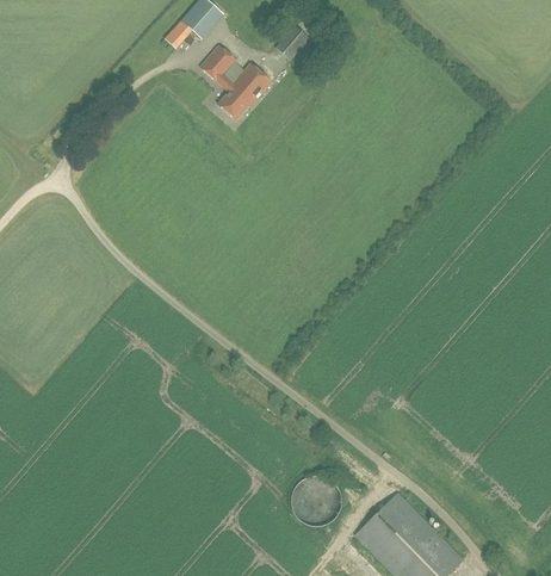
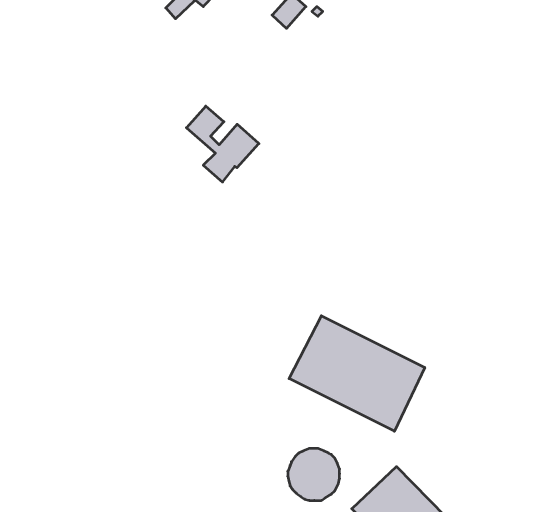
building: [199,44,271,119] -> [186,106,259,182]
building: none -> [289,316,425,431]

